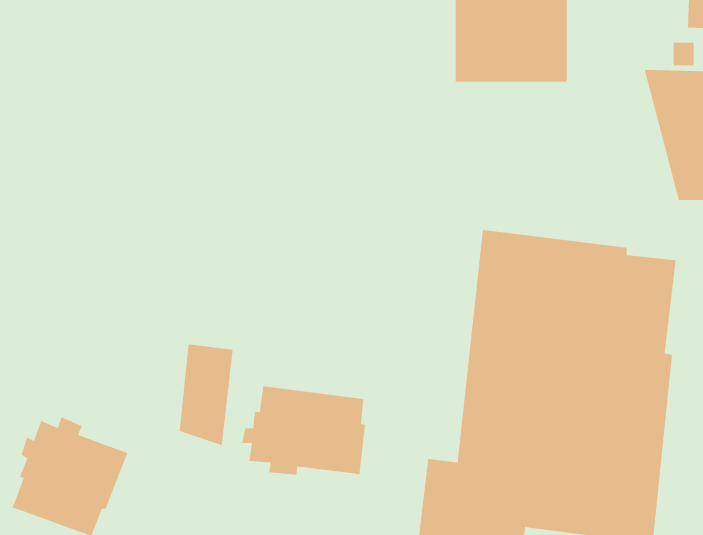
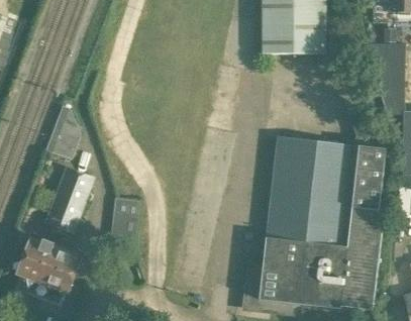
building: none -> [45,106,81,159]
building: none -> [49,169,92,229]
building: [242,386,365,475] -> none

